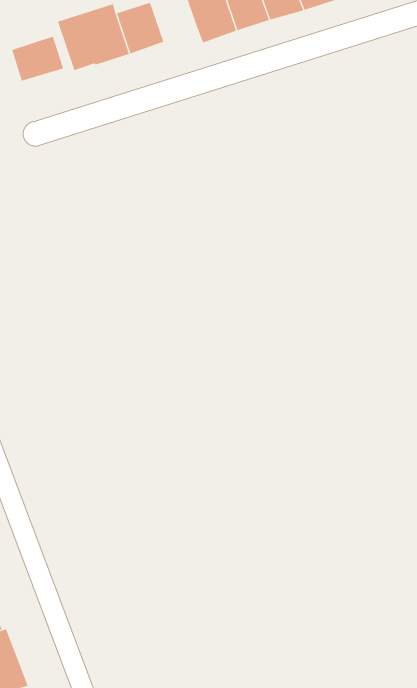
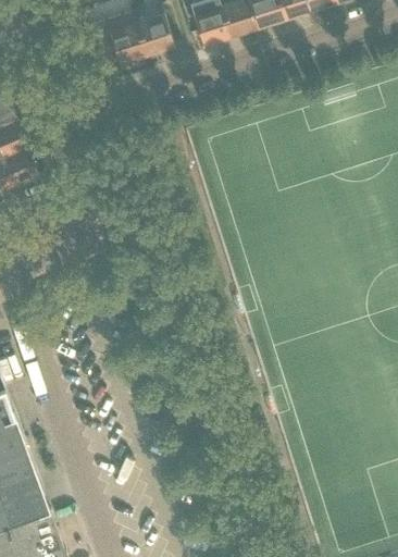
building: [12,36,64,82] -> none

